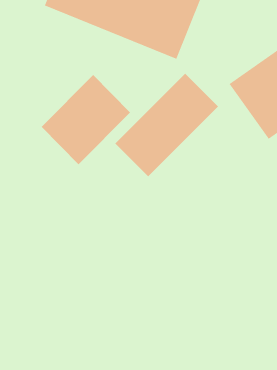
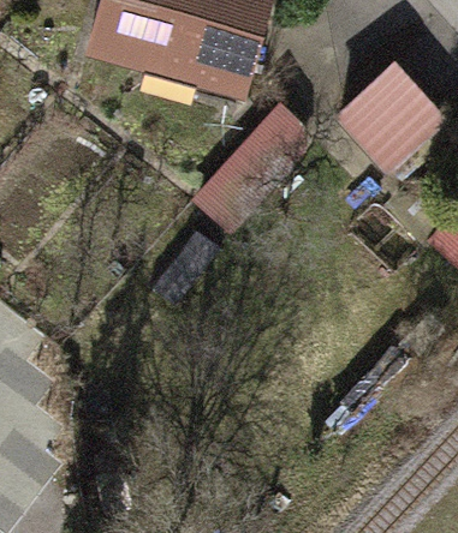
building: [41,74,131,165] -> none

